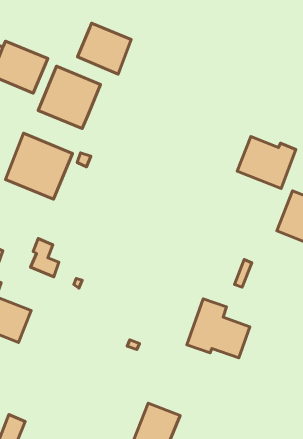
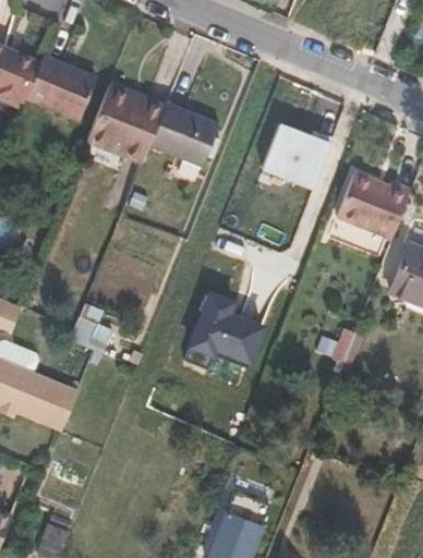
building: [78,23,131,74] -> [148,102,216,167]
building: none -> [262,119,335,189]
building: [5,133,72,199] -> none
building: [187,299,250,358] -> [188,288,267,362]

